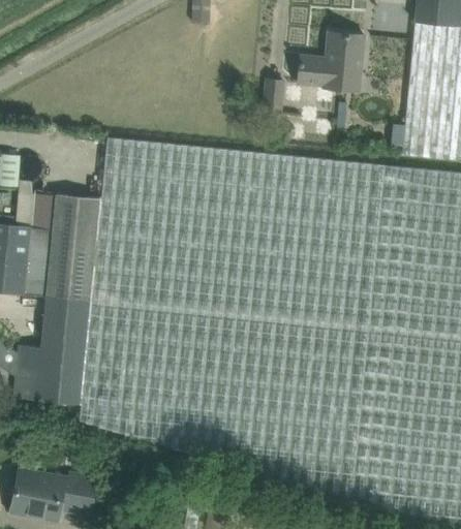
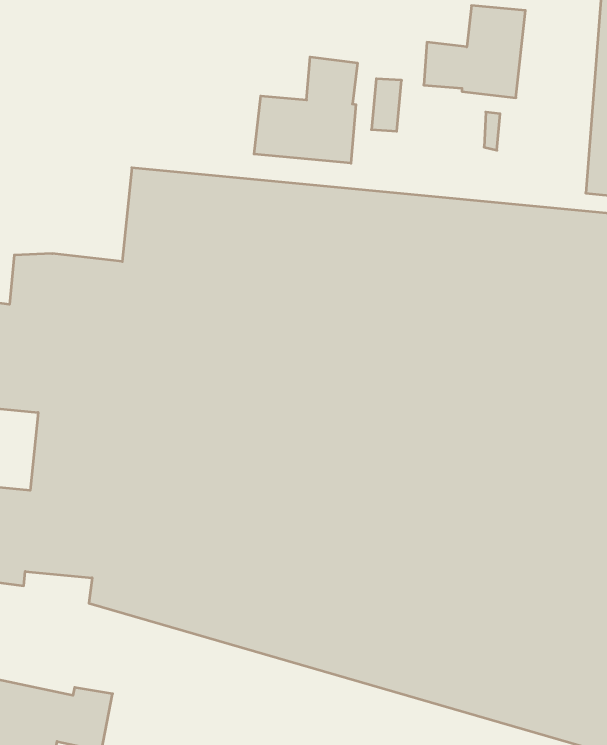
building: none -> [254,57,357,163]

